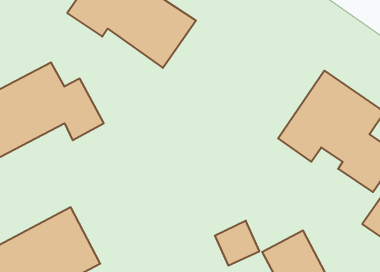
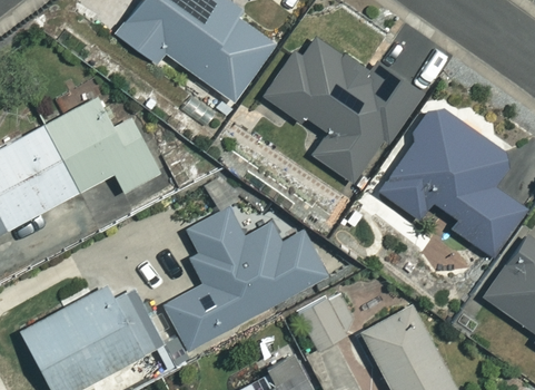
building: none -> [262,31,422,183]
building: none -> [164,209,326,351]

